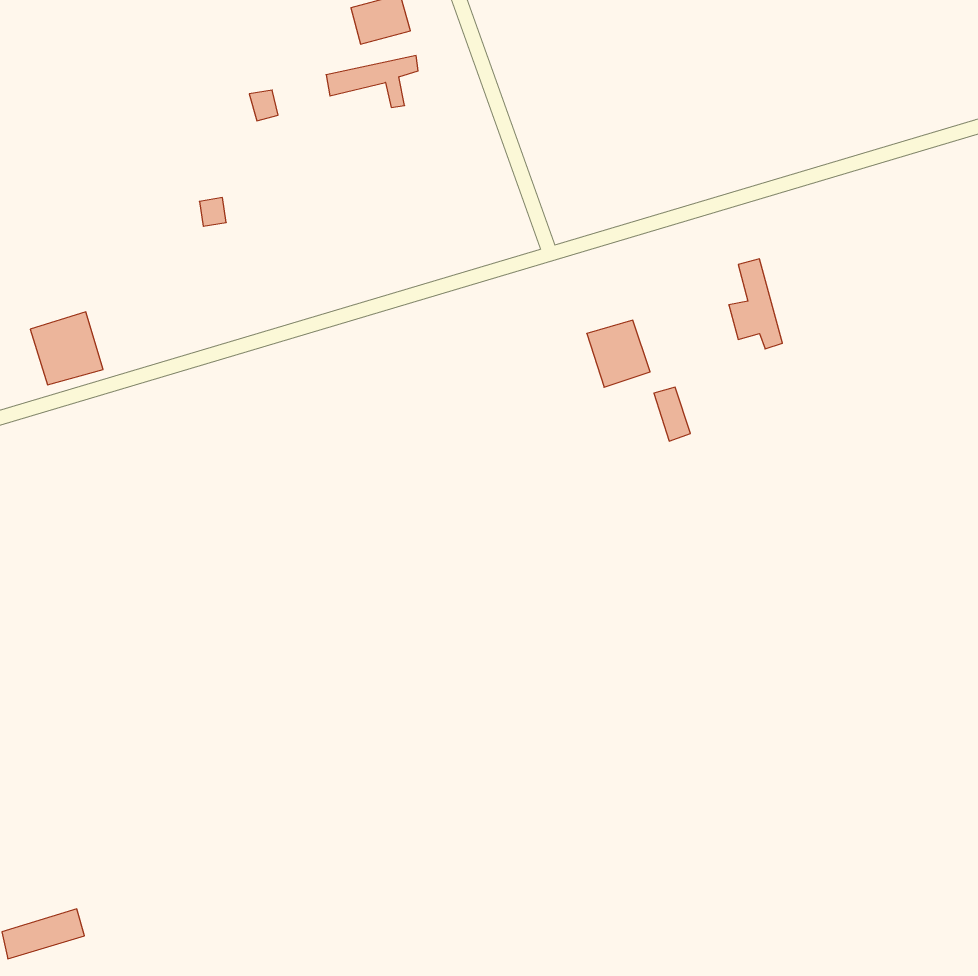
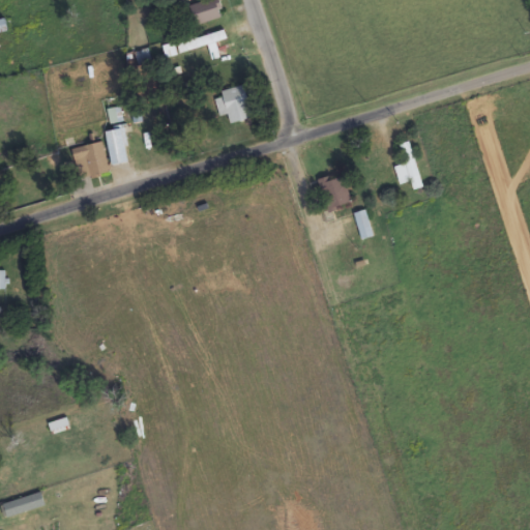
building: none -> [219,85,252,122]
building: none -> [104,127,129,165]
building: [30,312,103,385] -> [70,140,110,179]

